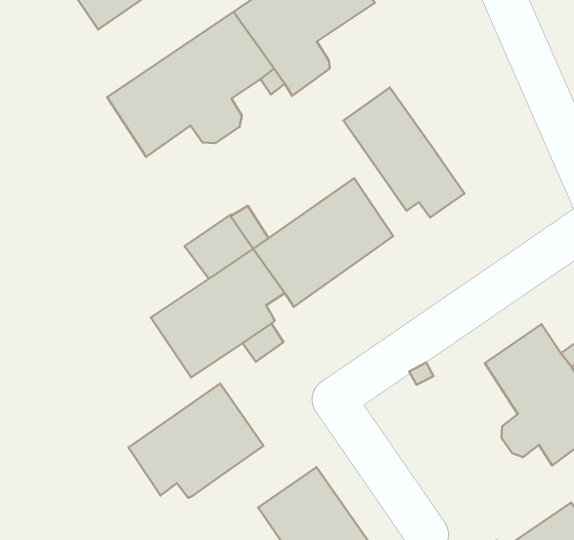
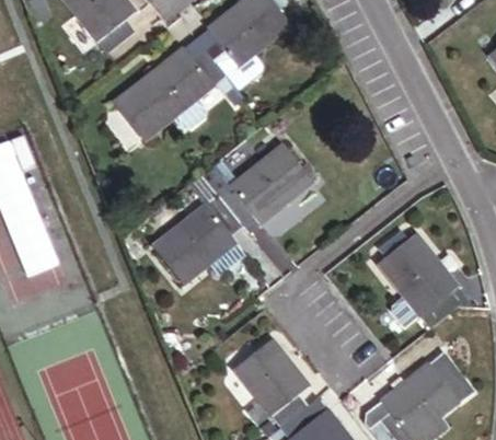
building: [343,88,464,218] -> none
building: [129,383,264,498] -> none

